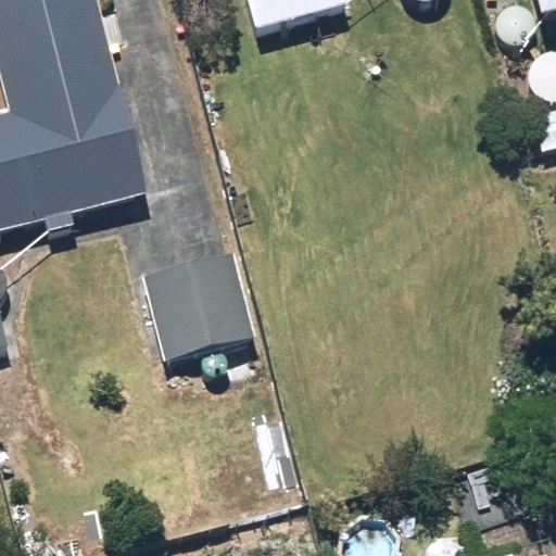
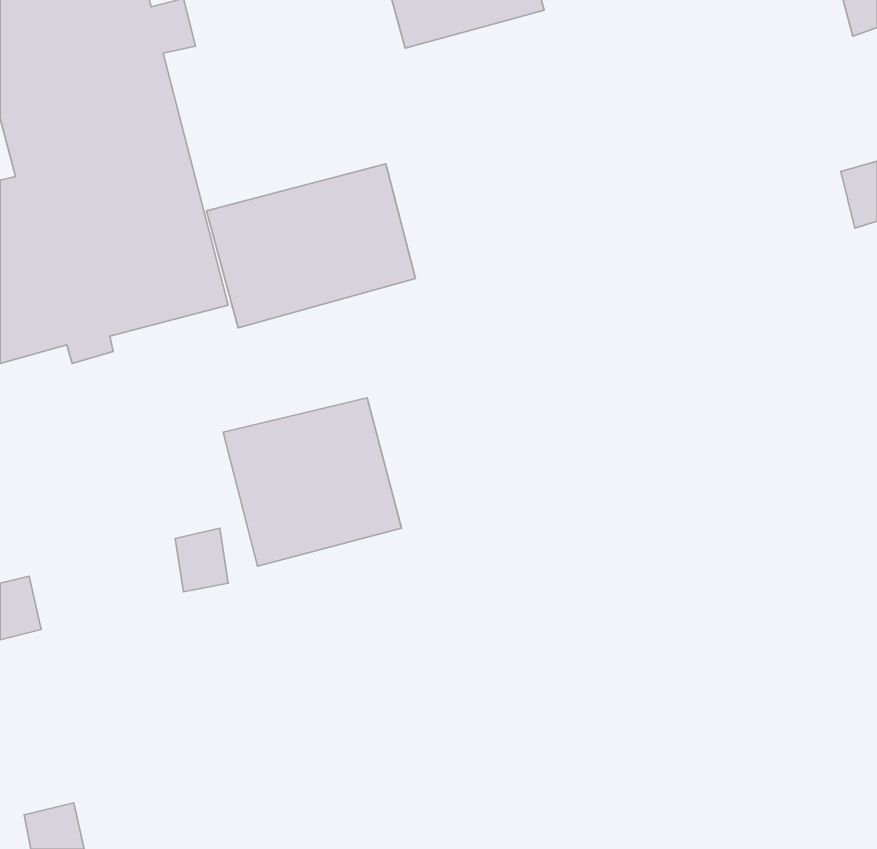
building: none -> [207,164,416,328]

